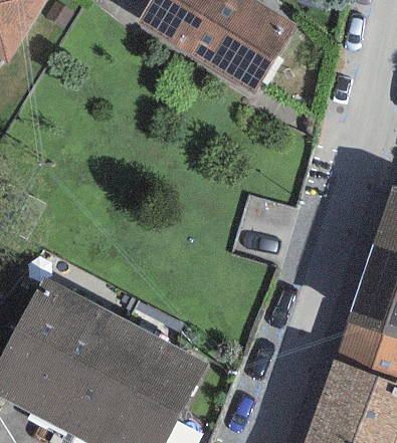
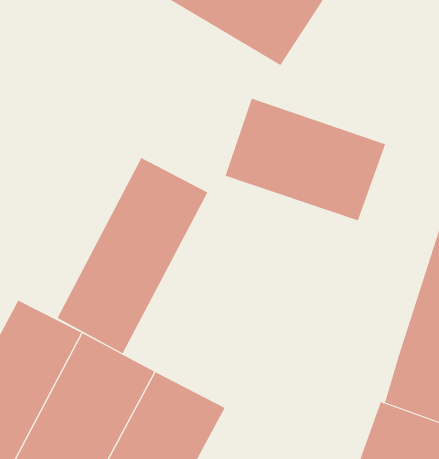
building: none -> [225,98,386,221]
building: none -> [57,157,208,354]

